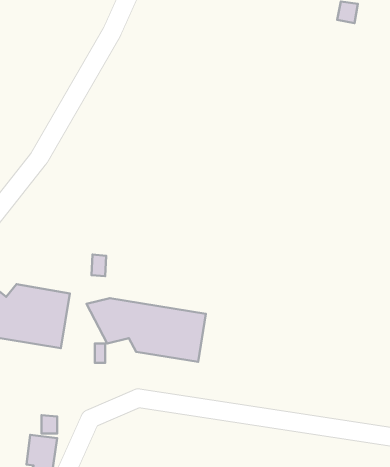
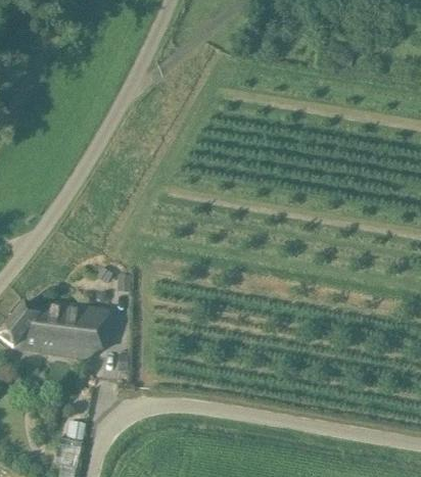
building: [86,298,206,362] -> none

